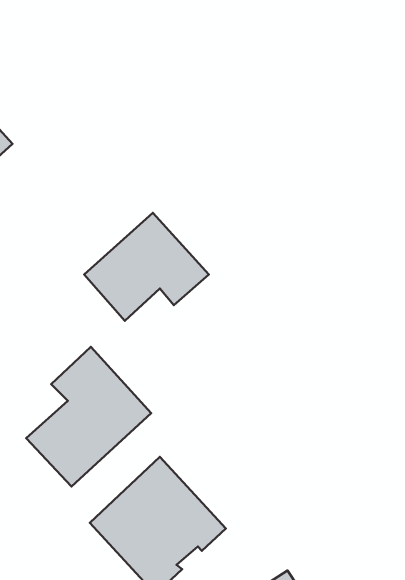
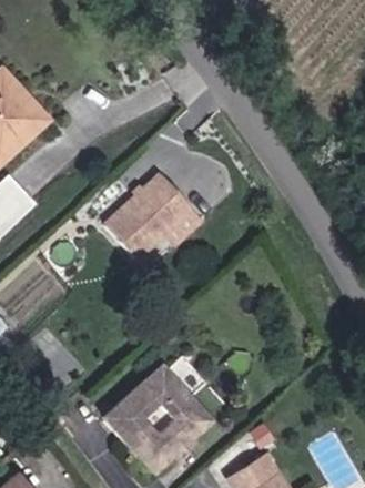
building: [26,347,151,486] -> none

